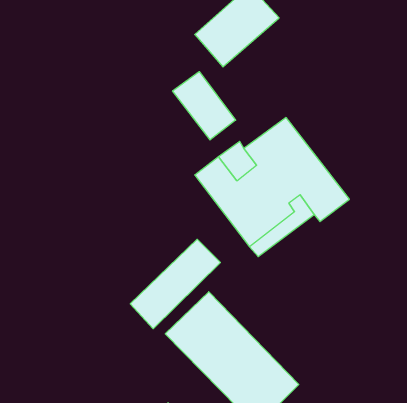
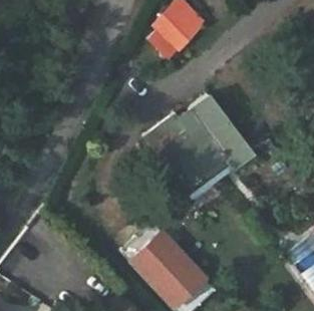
building: [173,72,236,140] -> none
building: [130,239,220,329] -> none

